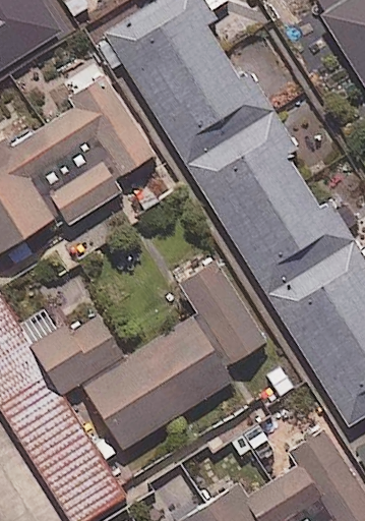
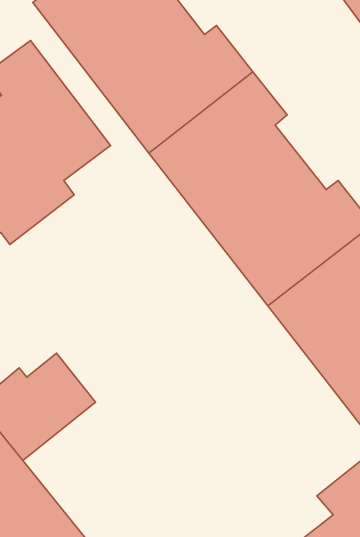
building: [180,260,268,366] -> none
building: [83,320,230,450] -> none

